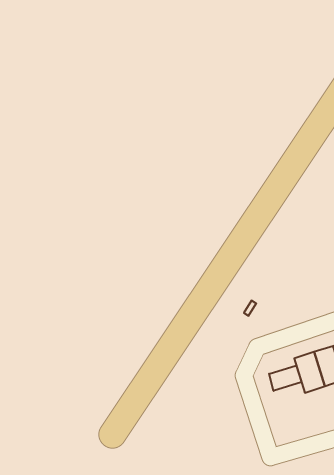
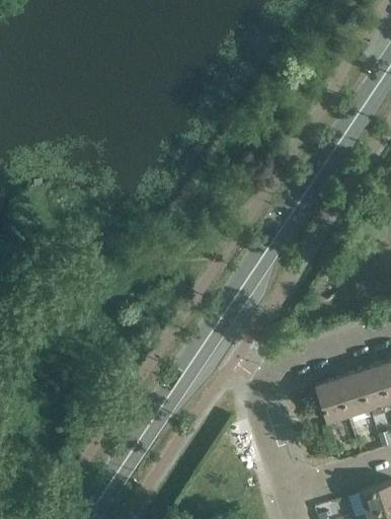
building: [269,366,302,391] -> none

